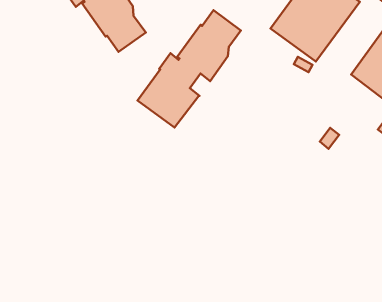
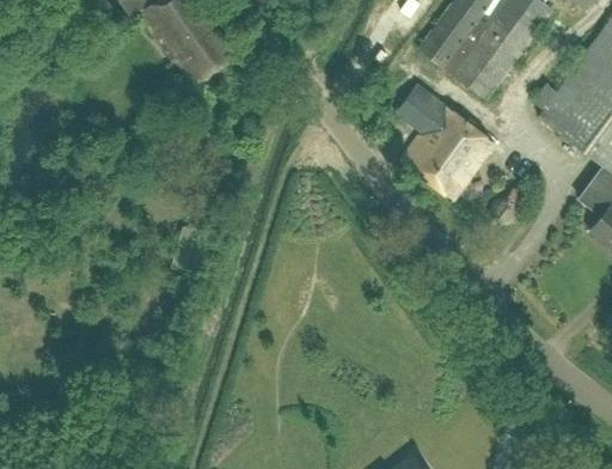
building: [137,10,241,128] -> none
building: none -> [396,85,494,199]

